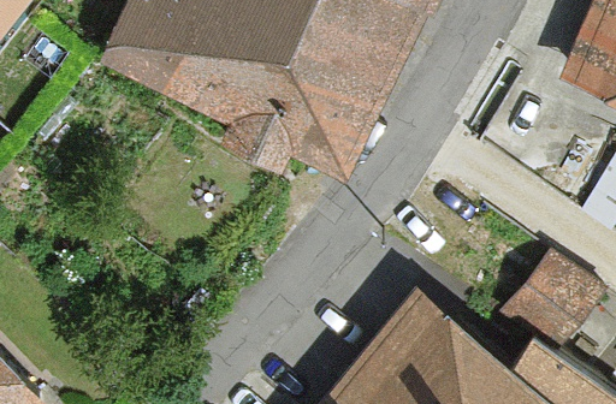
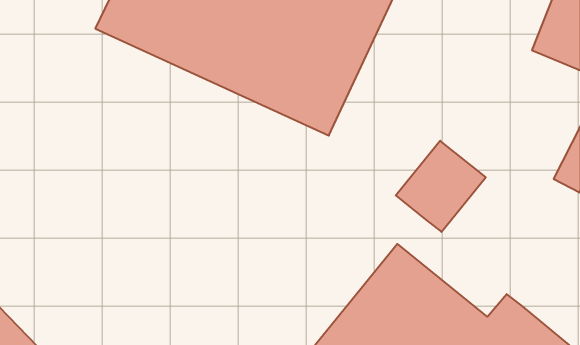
building: [505,251,600,347] -> [396,141,486,232]

